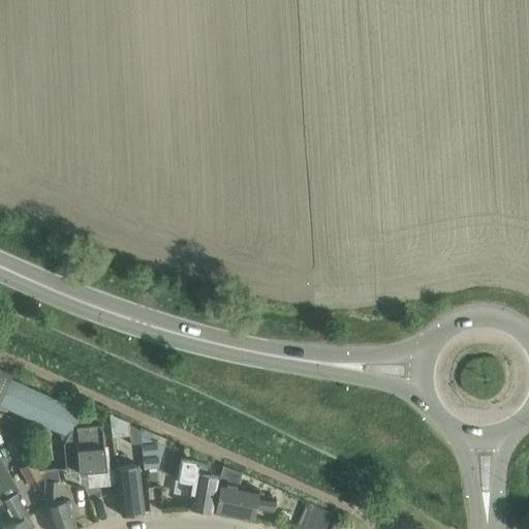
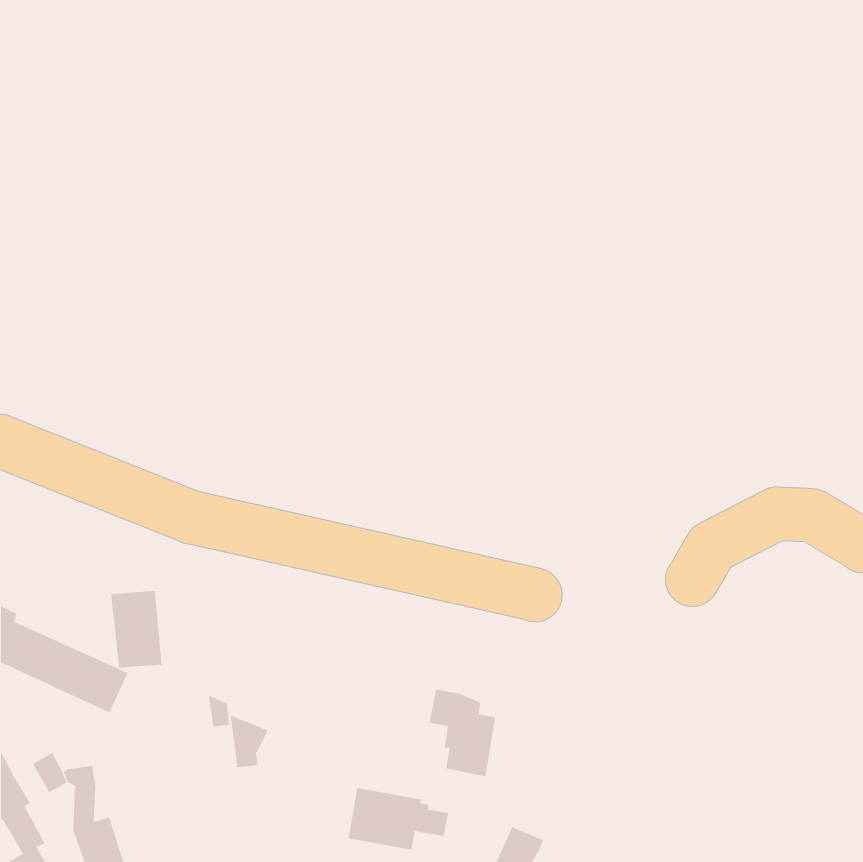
building: [72,425,104,472] -> [110,591,162,668]
building: [178,460,219,514] -> [429,689,496,777]
building: [115,465,144,517] -> none

